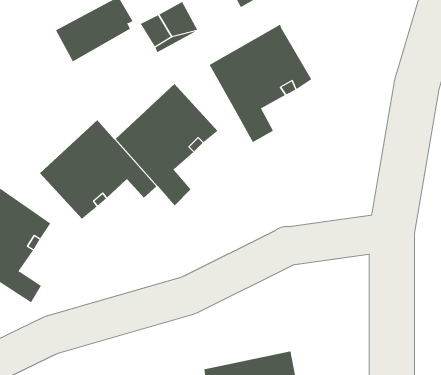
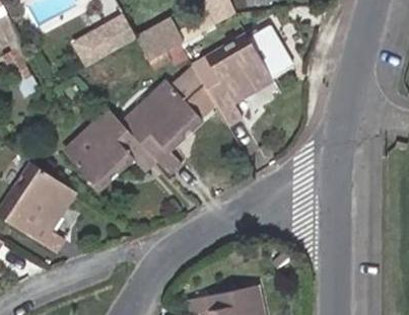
building: none -> [249,28,290,78]
building: none -> [169,64,212,114]

